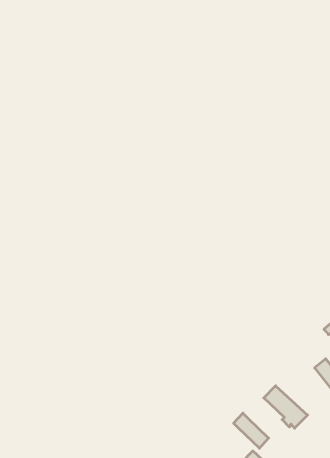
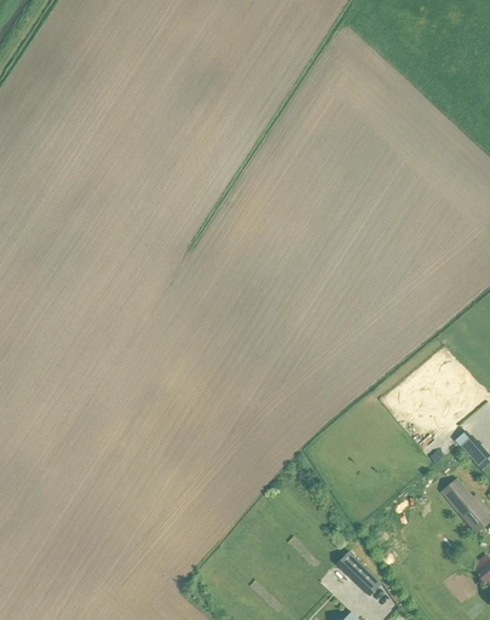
building: [264,386,308,428] -> none

